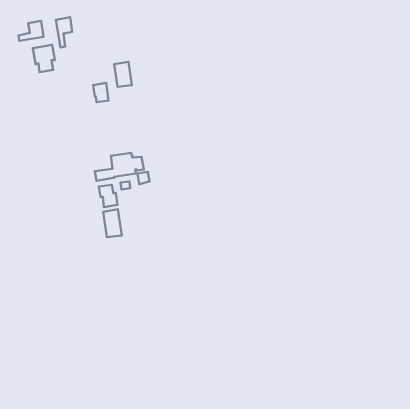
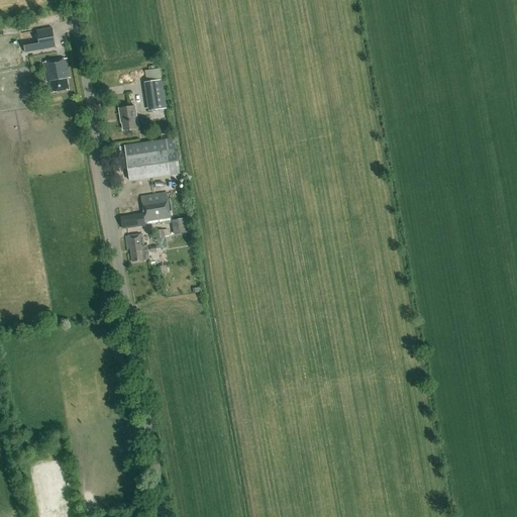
building: [56,17,72,47] -> none
building: none -> [123,136,180,180]
building: [103,209,122,237] -> none

